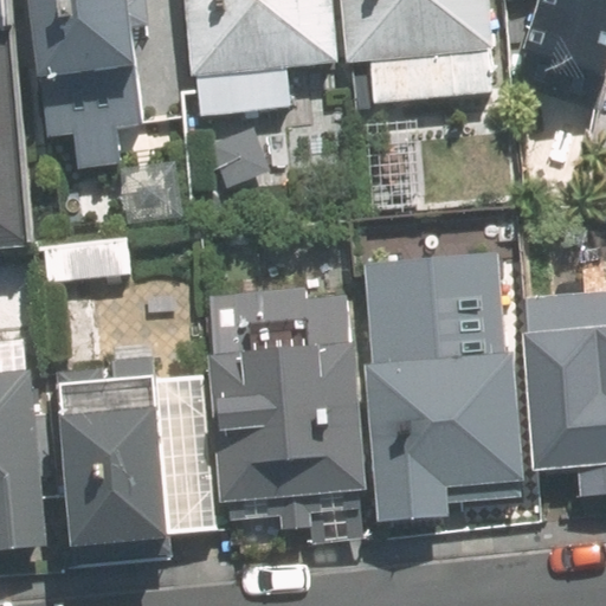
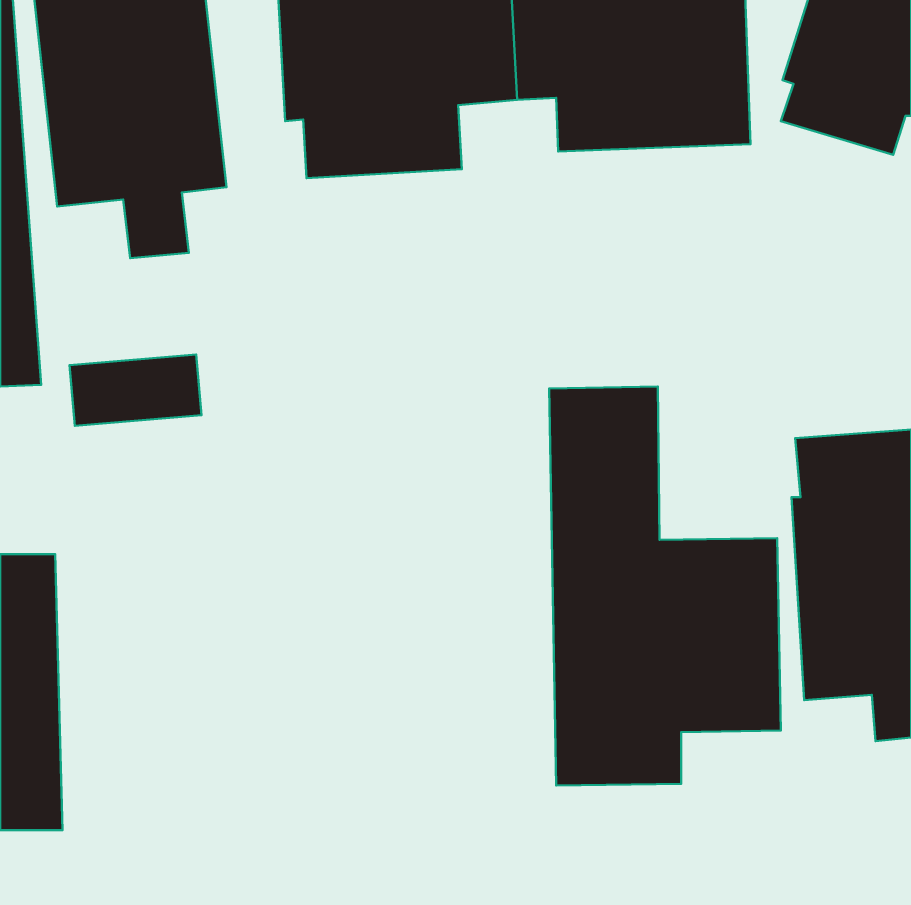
building: [218,281,360,503] -> none
building: [63,391,161,536] -> none

